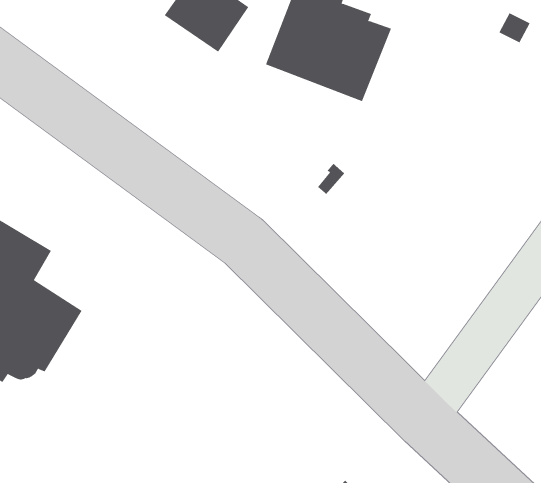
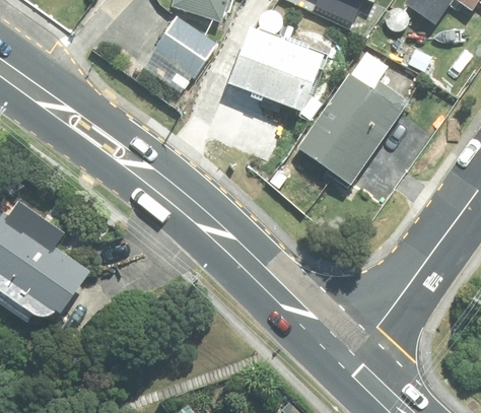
building: none -> [296,51,409,184]

